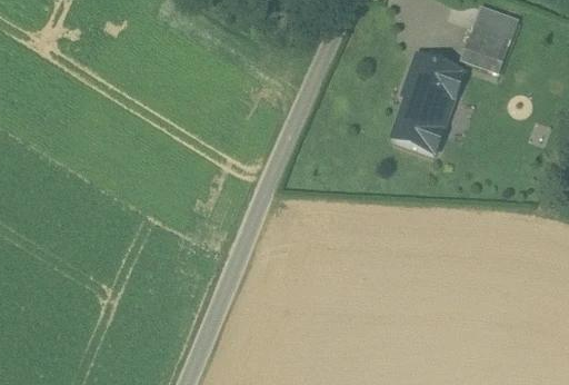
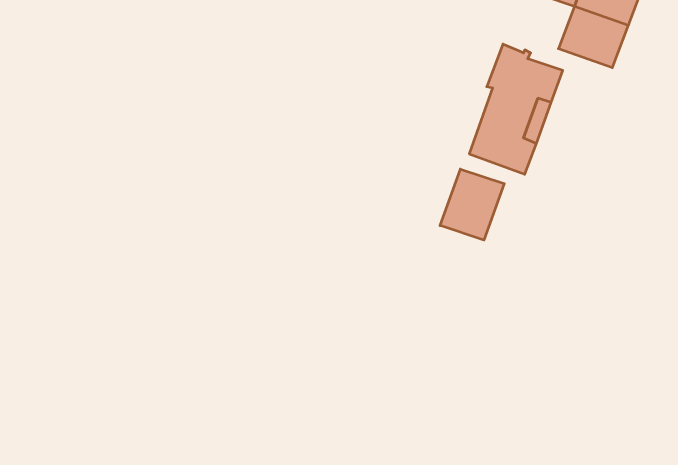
building: none -> [440,169,504,240]

